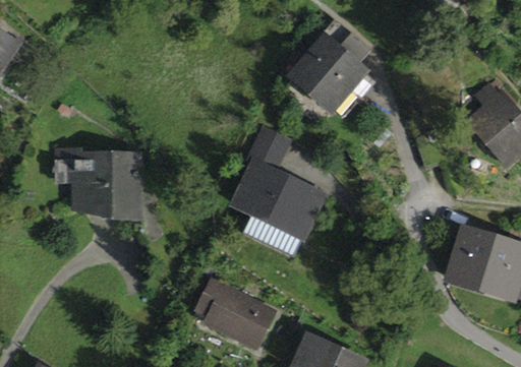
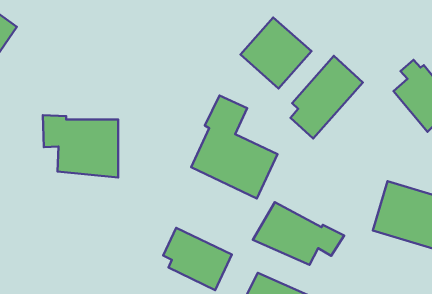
building: none -> [291,56,363,138]
building: none -> [253,202,344,265]

